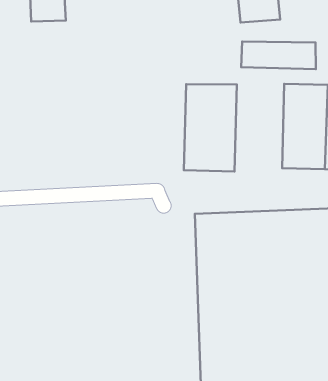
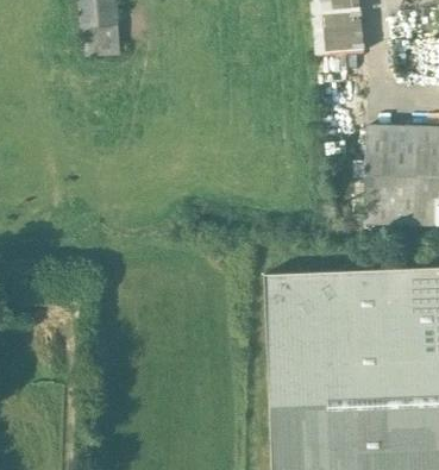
building: [241,41,316,69] -> none
building: [184,84,237,172] -> none

